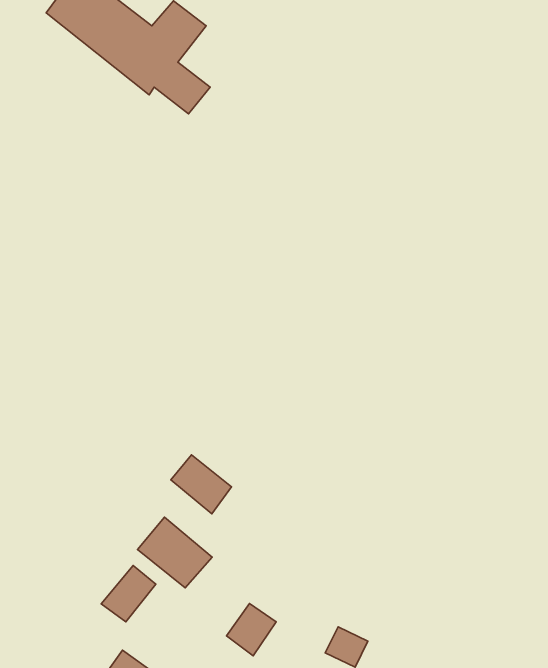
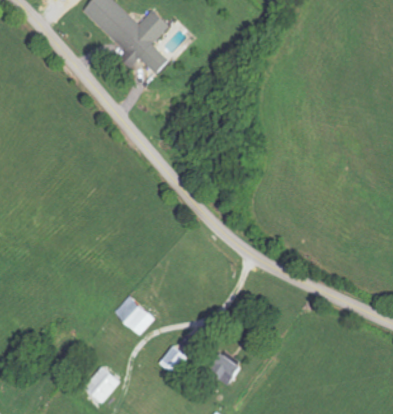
building: [171,455,232,514] -> none
building: [101,565,156,622] -> none

